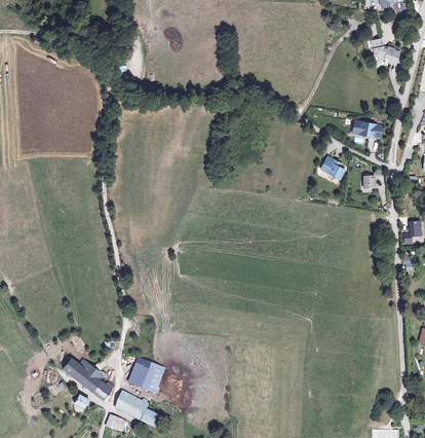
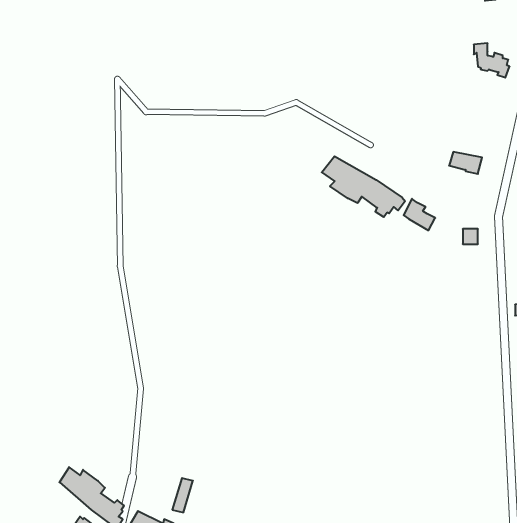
building: none -> [322,156,405,217]
building: [130,358,154,388] -> none

